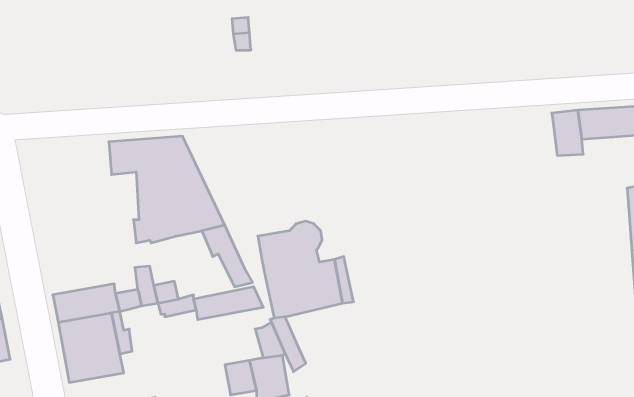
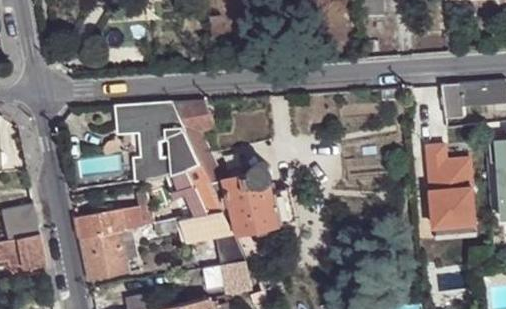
building: none -> [171,101,226,200]
building: none -> [427,145,475,226]
building: none -> [166,171,209,215]

